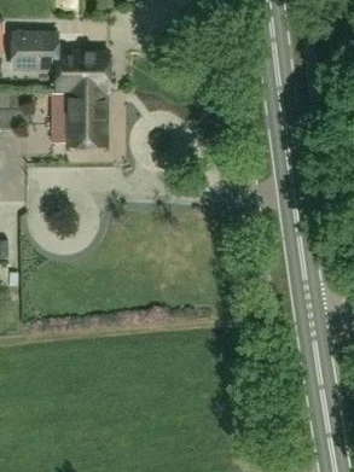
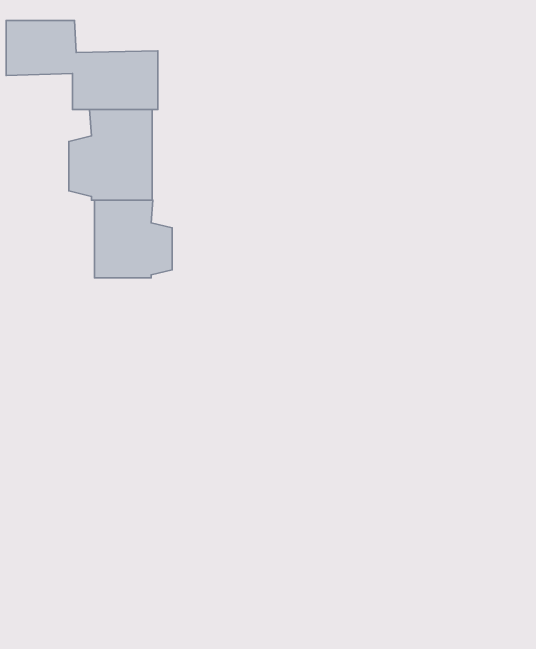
building: none -> [94,200,172,278]

